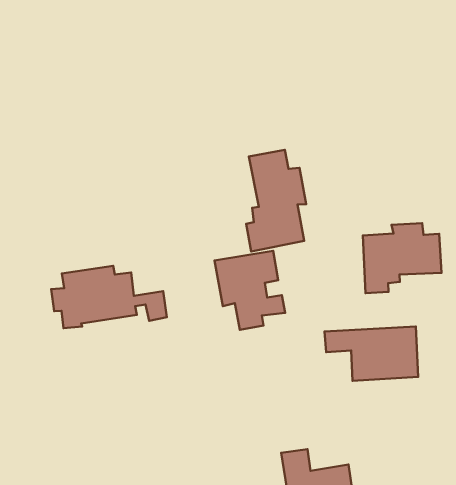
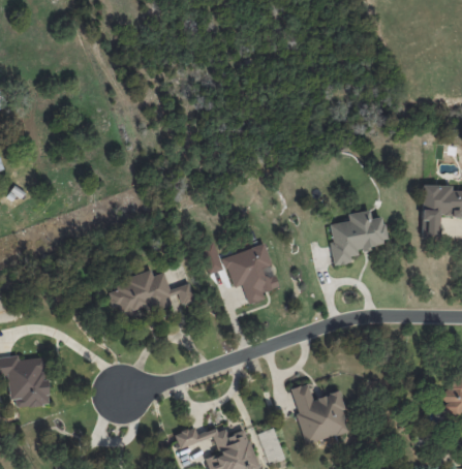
building: [246,150,306,251] -> none
building: [324,326,418,381] -> none

